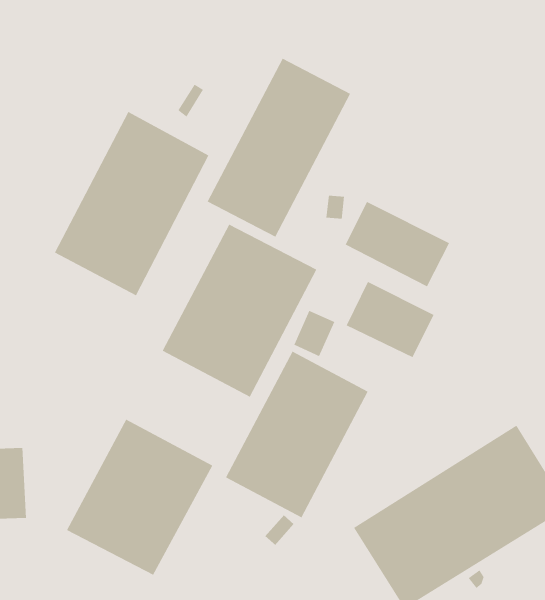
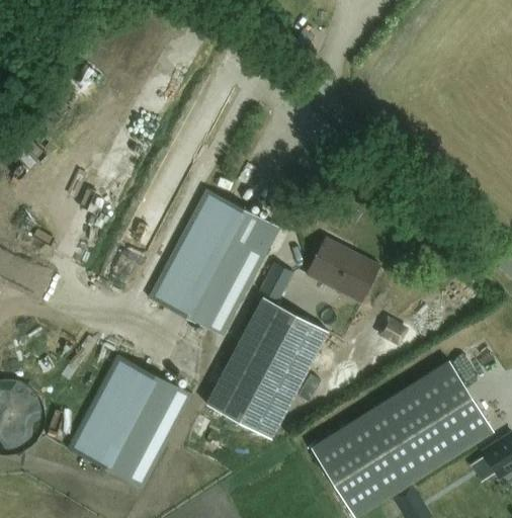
building: [207,58,351,238] -> none
building: [54,111,209,296] -> none
building: [345,201,450,287] -> none

